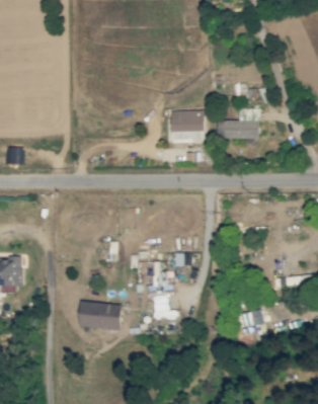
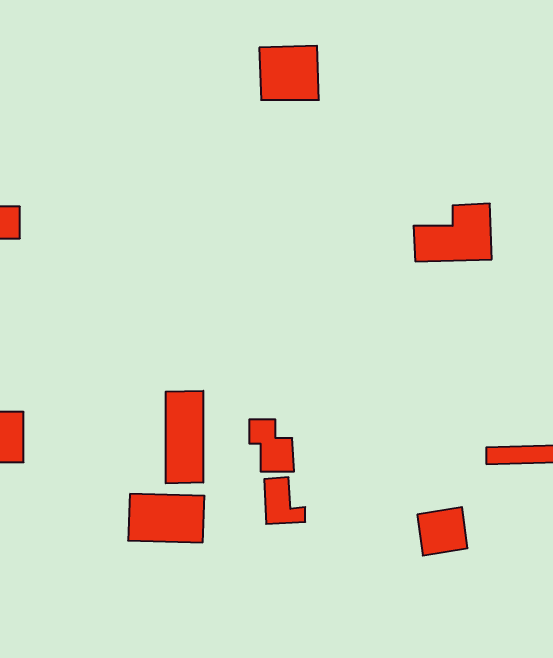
building: [217,108,259,140] -> [413,204,492,261]
building: [171,110,204,140] -> [259,46,319,100]
building: none -> [166,391,203,483]

